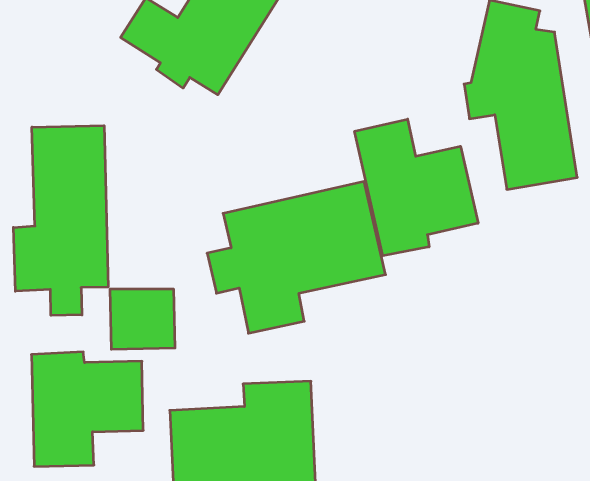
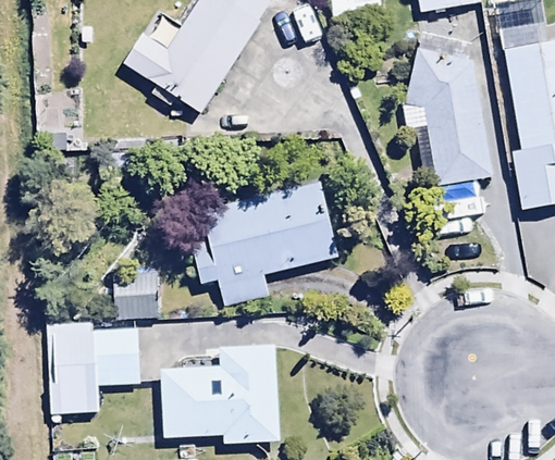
building: [355,119,478,256] -> none
building: [13,126,108,315] -> none

